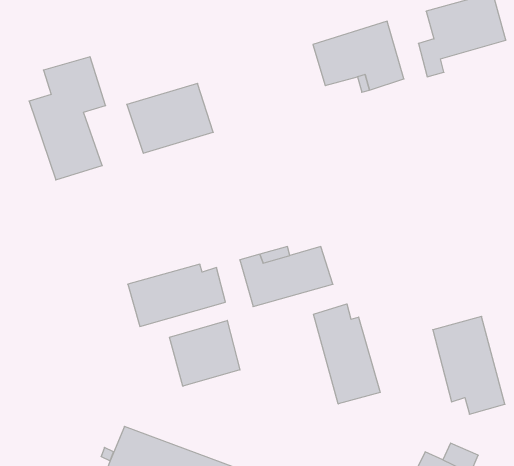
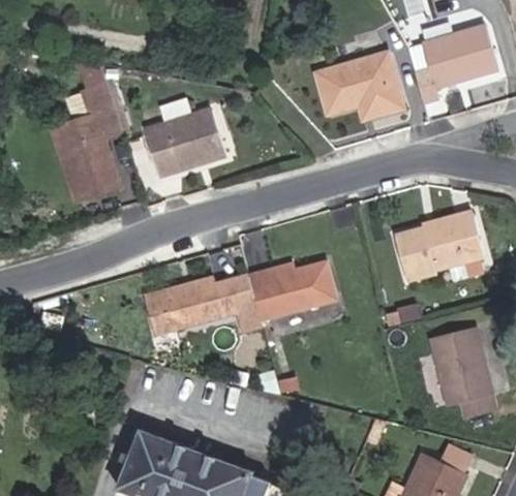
building: none -> [394,212,484,280]
building: [313,304,380,404] -> none
building: [170,320,240,386] -> none

